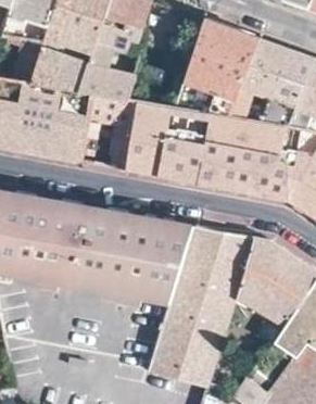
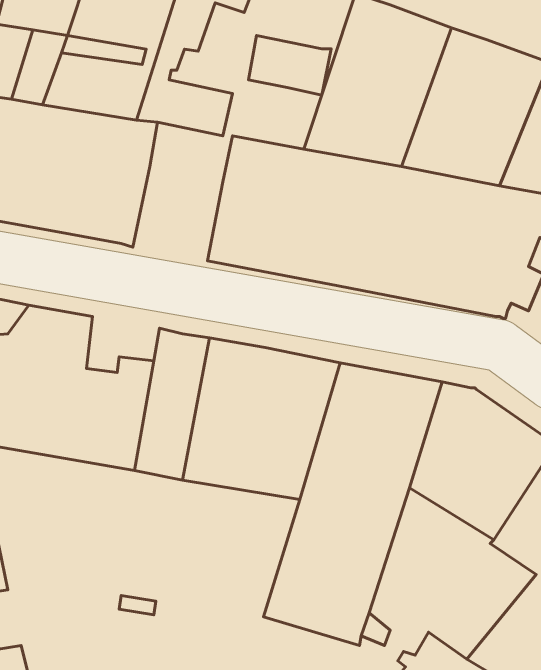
building: [87,91,134,125] -> [249,35,331,95]
building: [51,201,92,232] -> none

